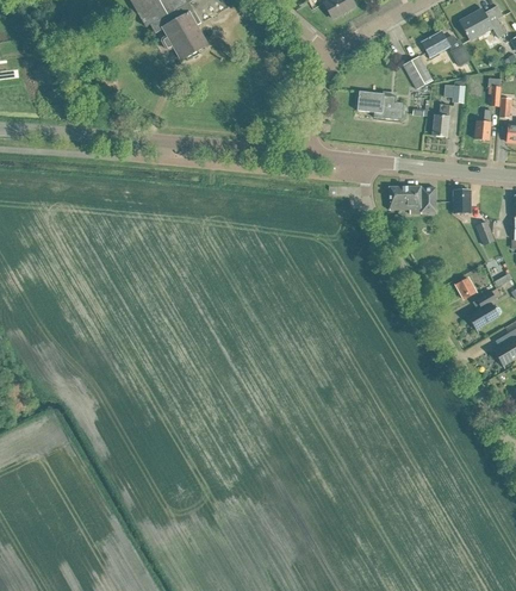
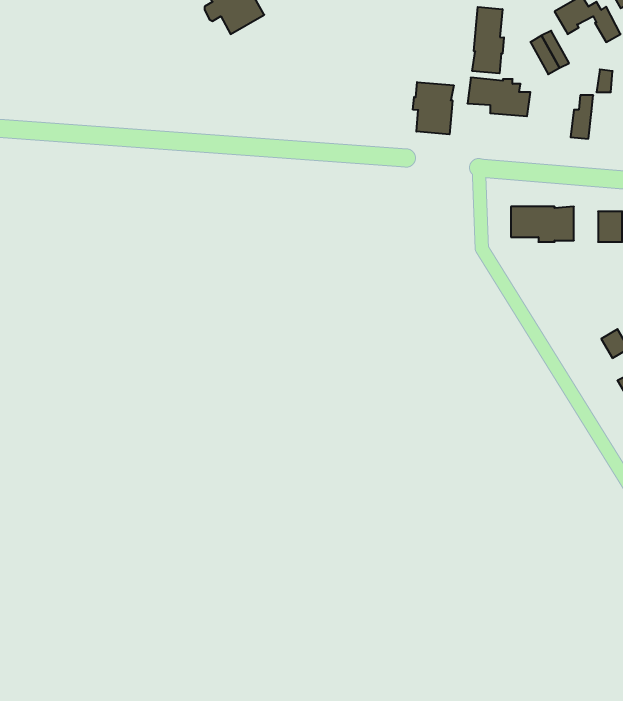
building: none -> [472,7,504,73]
building: none -> [413,82,454,134]

